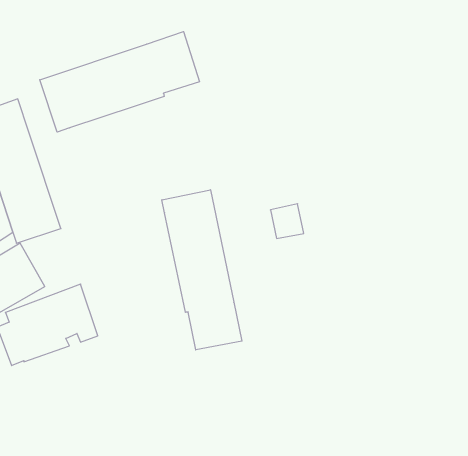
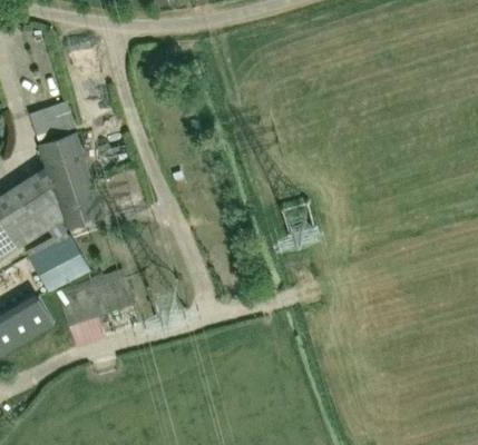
building: [40,32,199,132] -> none
building: [162,190,242,350] -> none

